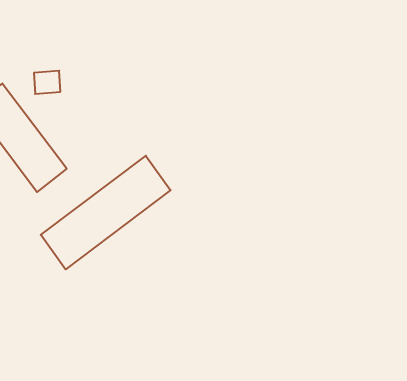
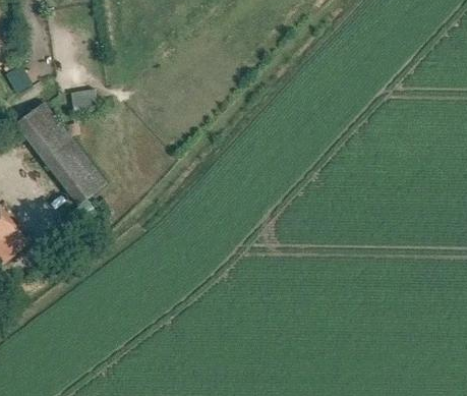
building: [41,156,171,269] -> none

